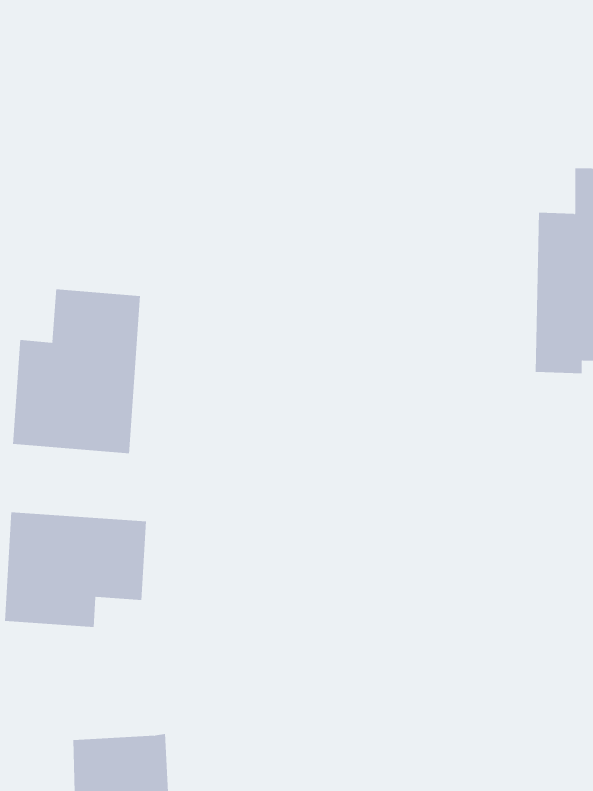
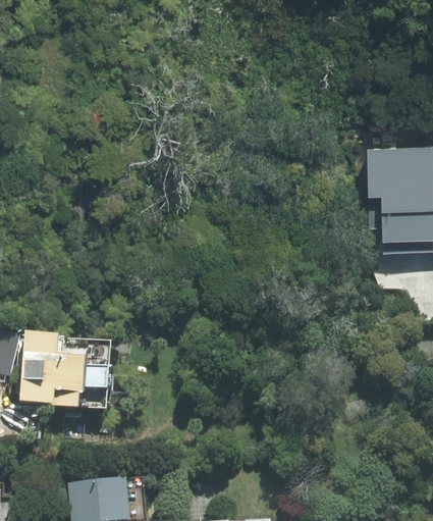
building: [13,289,141,454] -> none

